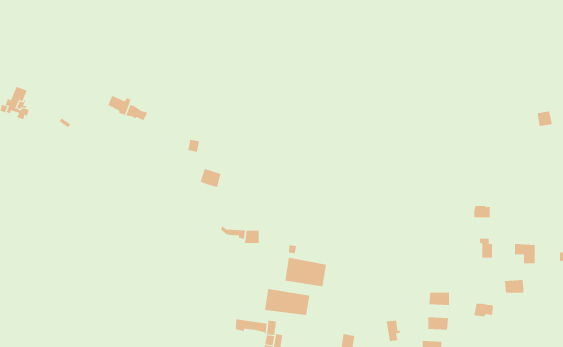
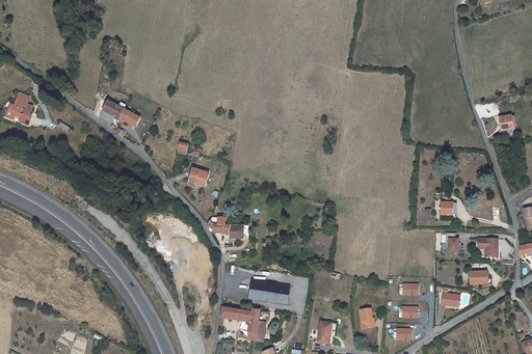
building: [285,257,326,287] -> none

